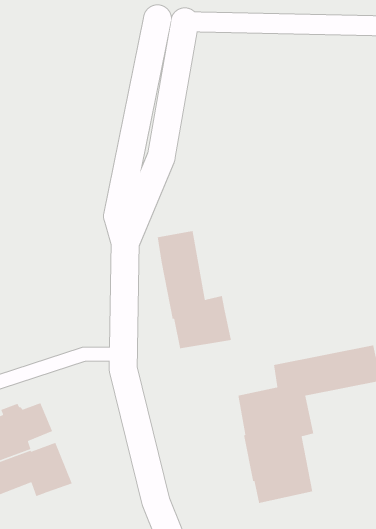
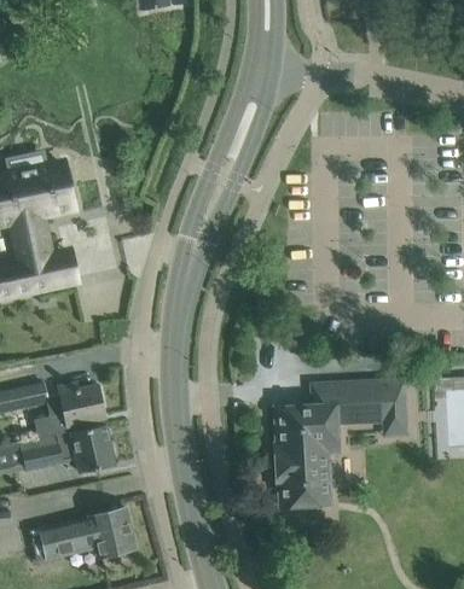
building: [157,230,232,349] -> none

